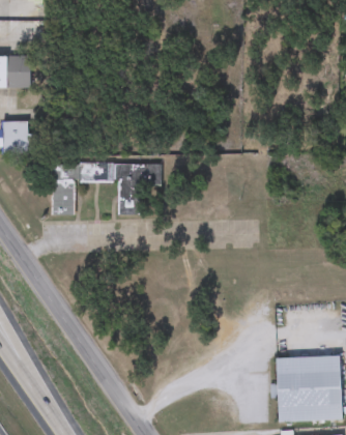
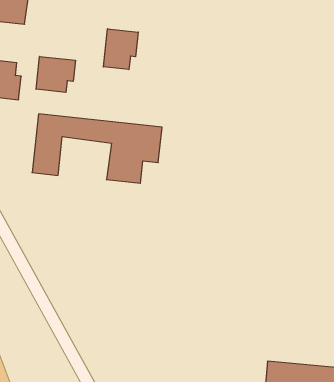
building: none -> [103,29,138,70]
building: none -> [36,56,75,92]

